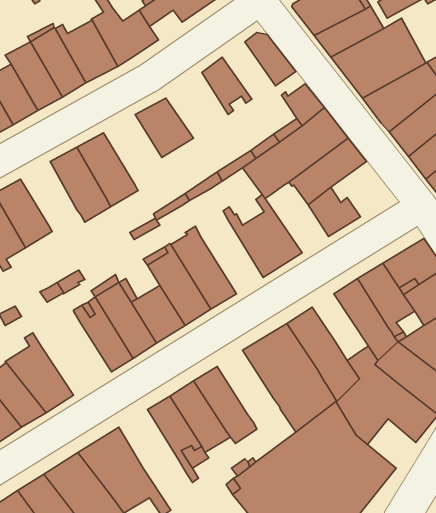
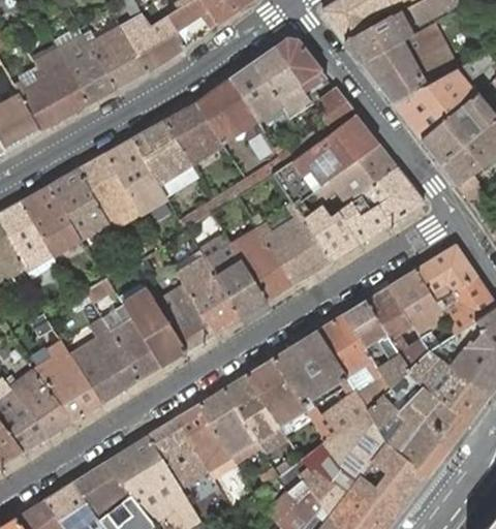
building: none -> [252,48,312,116]
building: none -> [195,79,266,145]
building: none -> [132,121,198,196]
building: none -> [49,168,110,239]
building: none -> [362,168,425,224]
building: none -> [296,201,360,260]
building: none -> [230,227,293,302]
building: none -> [343,302,400,357]
building: none -> [70,319,141,404]
building: none -> [247,359,304,424]
building: none -> [148,418,209,487]
building: none -> [399,428,447,477]

